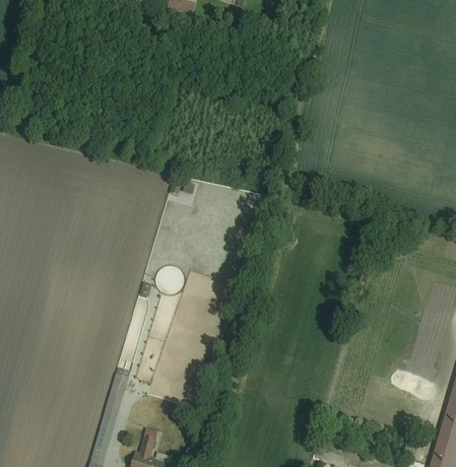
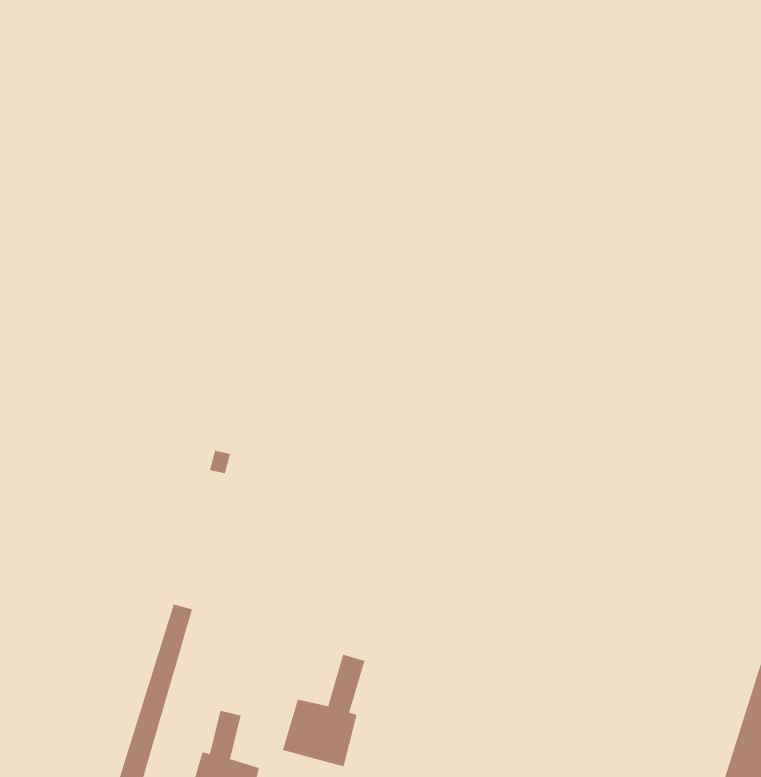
building: none -> [282,654,365,767]

